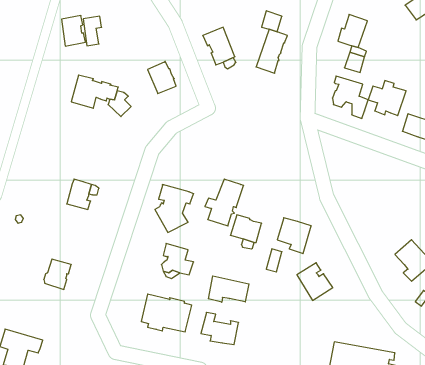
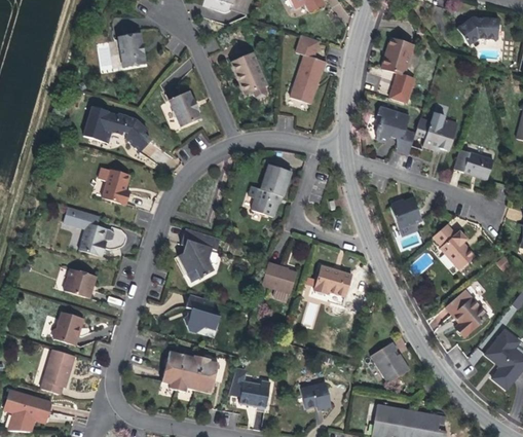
building: [62,16,85,46] -> [118,33,145,67]
building: none -> [98,167,129,205]
building: none -> [389,197,421,229]
building: none -> [63,207,100,227]
building: [205,179,244,226] -> [248,165,291,217]
building: none -> [433,224,474,269]
building: none -> [64,268,96,298]
building: [297,263,333,300] -> [370,341,410,384]
building: [208,276,249,302] -> none
building: none -> [40,349,74,394]
building: none -> [300,383,331,408]

